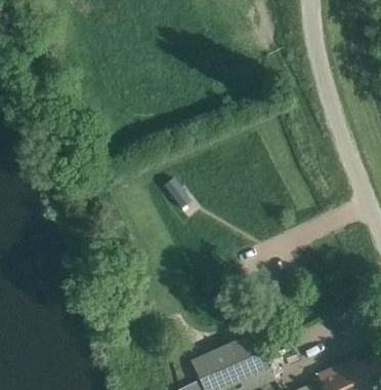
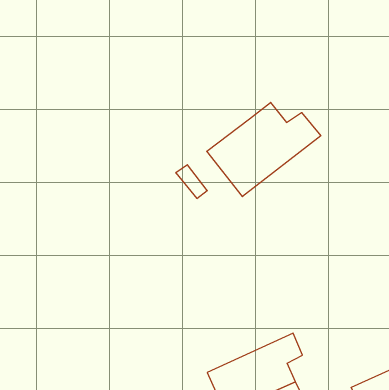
building: none -> [207,102,321,197]

